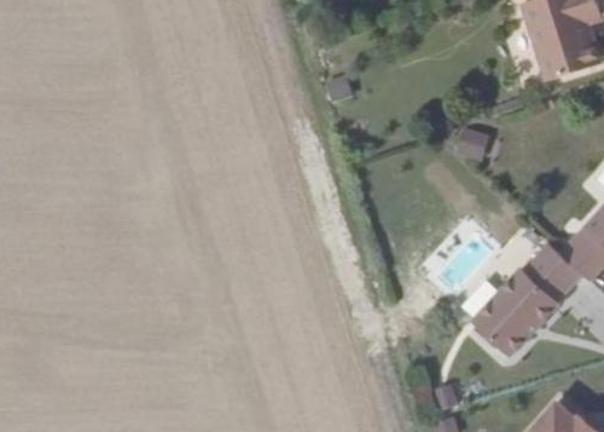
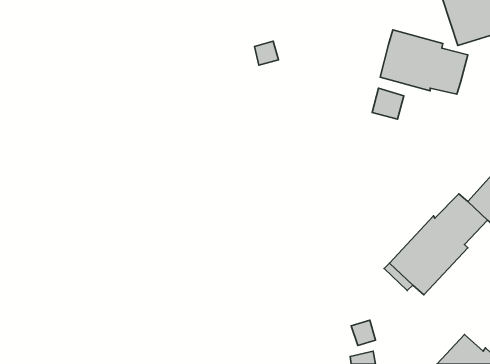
building: none -> [380,30,468,94]

